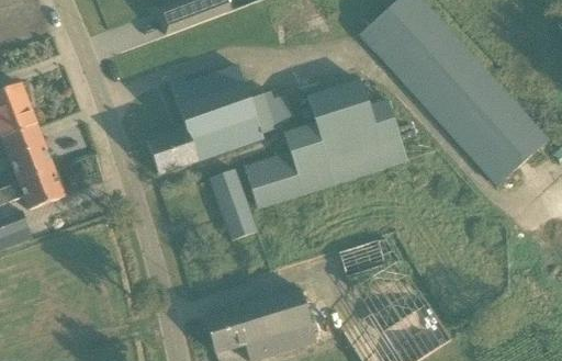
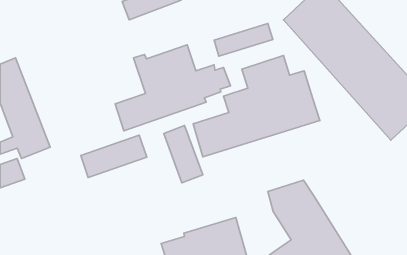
building: none -> [214,24,273,56]
building: none -> [81,135,147,178]

